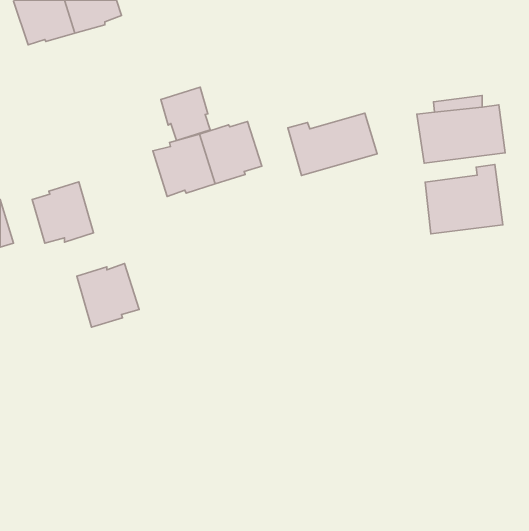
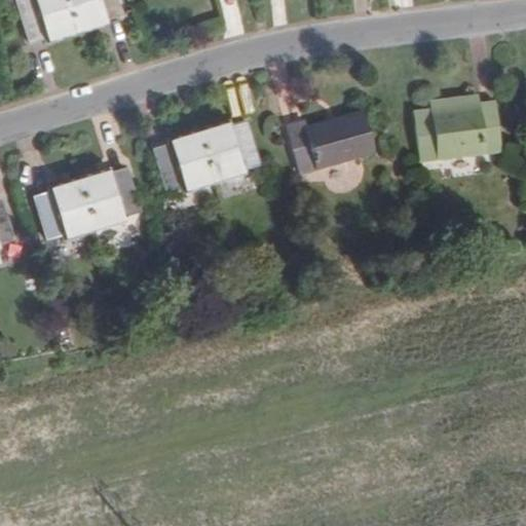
building: [161,87,210,140] -> none
building: [425,164,503,234] -> none
building: [77,264,139,327] -> [80,167,142,230]

